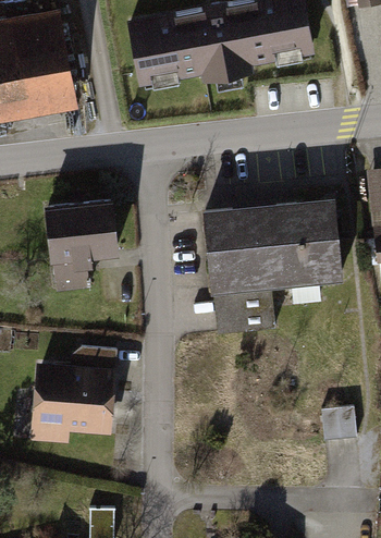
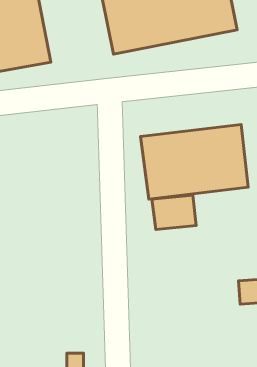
building: [38,198,113,295] -> none
building: [29,360,114,447] -> none

